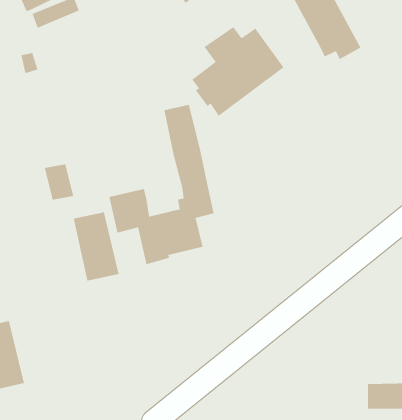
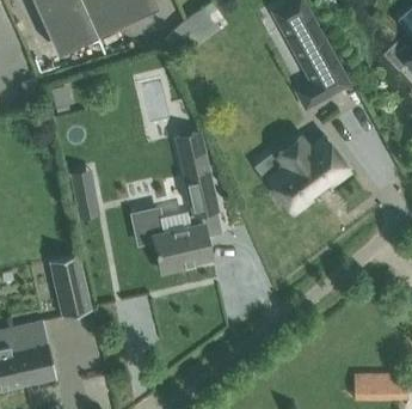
building: [190,26,284,117] -> [268,134,350,213]
building: [73,211,120,282] -> [50,255,91,316]

